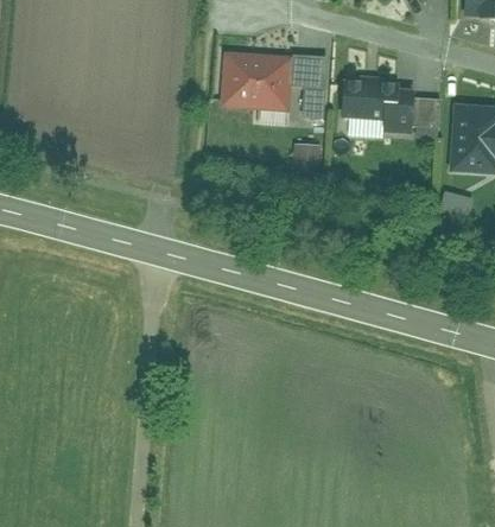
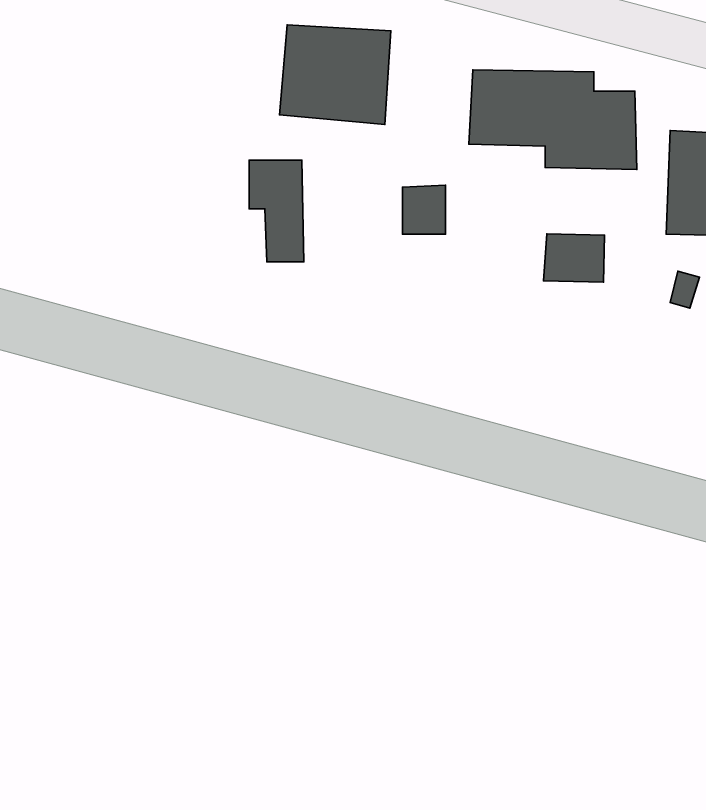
building: [296,58,329,120] -> [249,160,304,262]
building: none -> [543,234,604,282]

